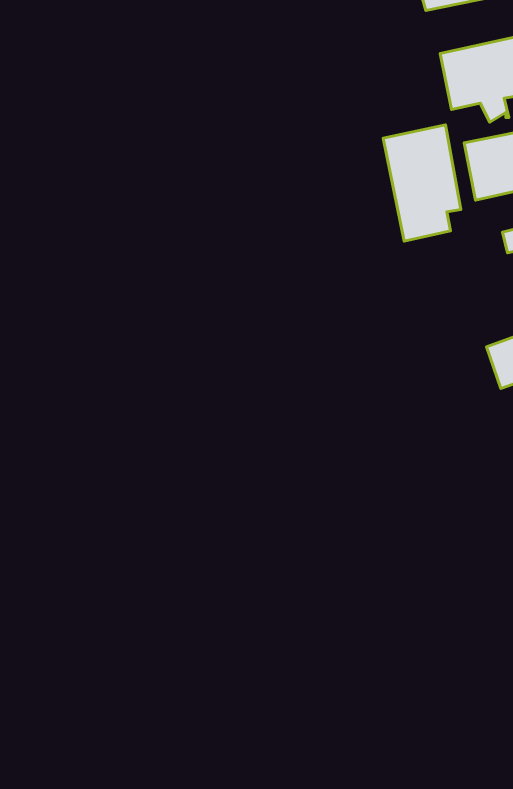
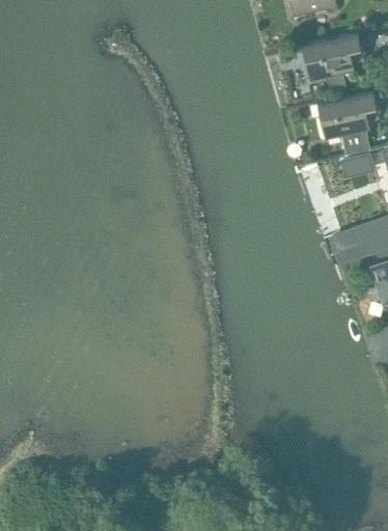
building: [383,125,461,241] -> none

